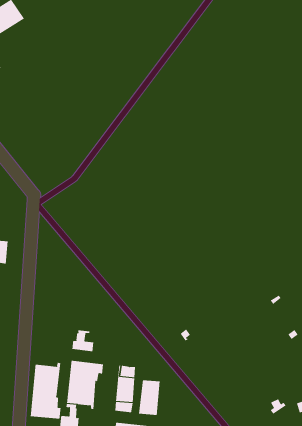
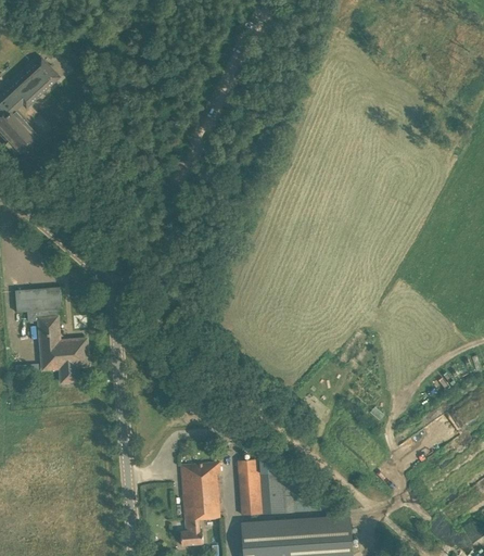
building: [72,329,94,352] -> none
building: [30,362,61,420] -> none

